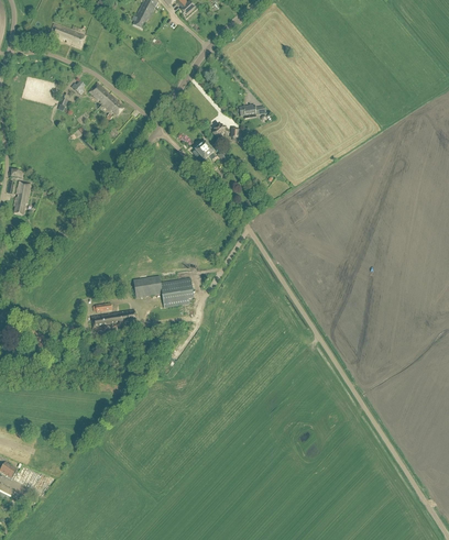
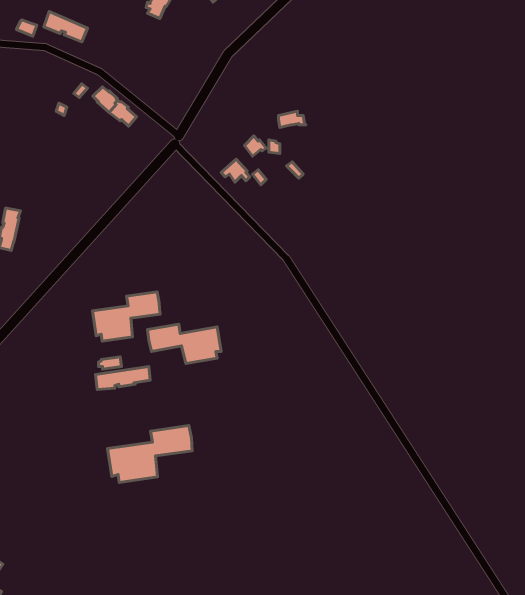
building: none -> [92,292,160,341]
building: none -> [107,426,192,482]

